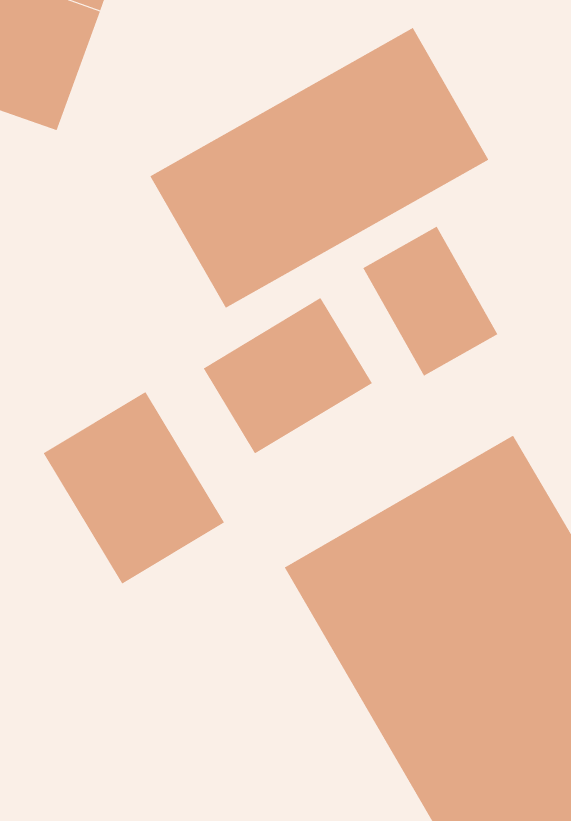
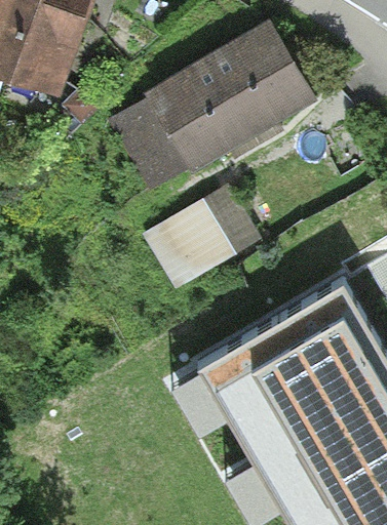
building: [362,226,498,377] -> none
building: [43,391,225,585] -> none

